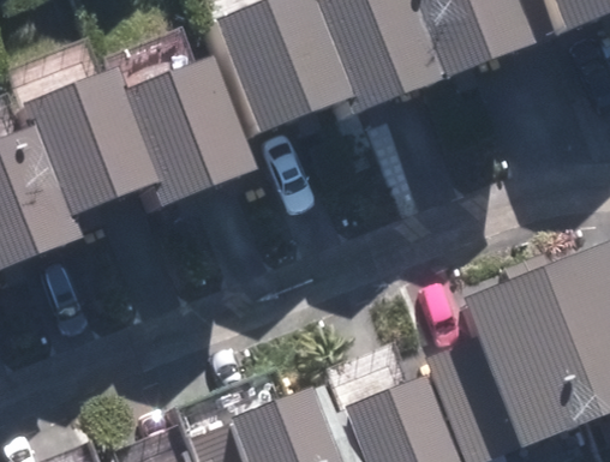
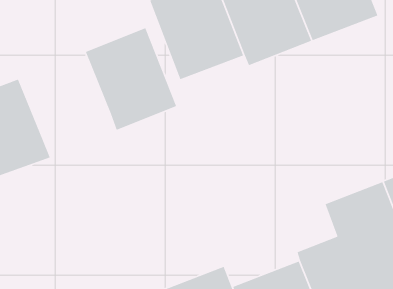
building: [36,64,172,210] -> none

